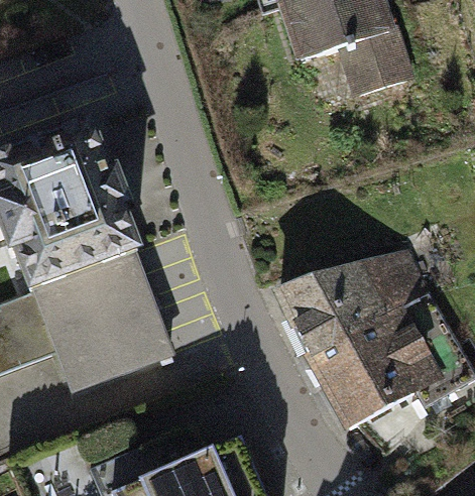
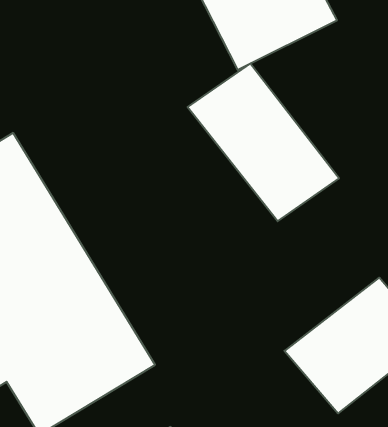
building: none -> [188,63,339,221]
building: [271,255,407,368] -> none

